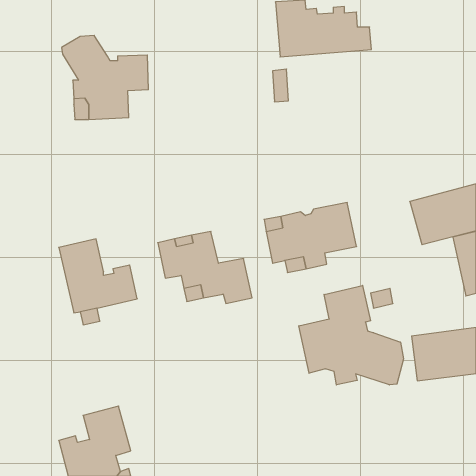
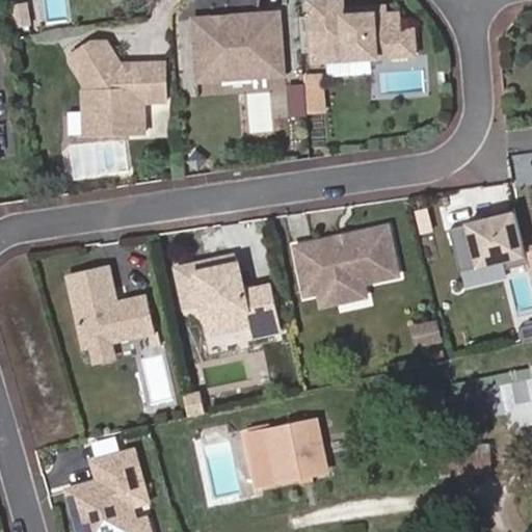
building: none -> [192,11,282,79]
building: [299,285,404,385] -> none
building: none -> [248,421,326,486]

